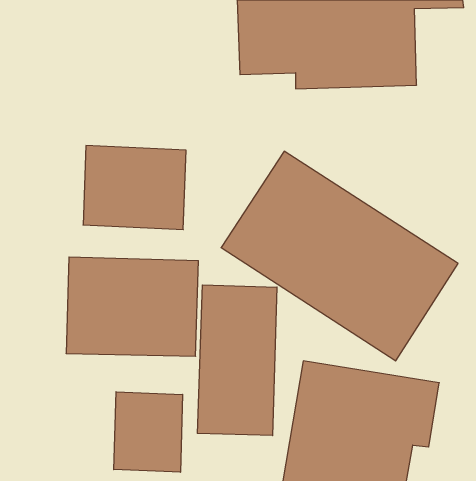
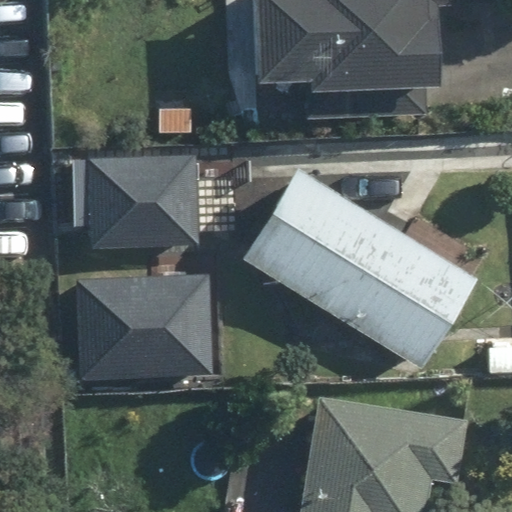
building: [197,285,277,436] -> none
building: [114,392,183,472] -> none

